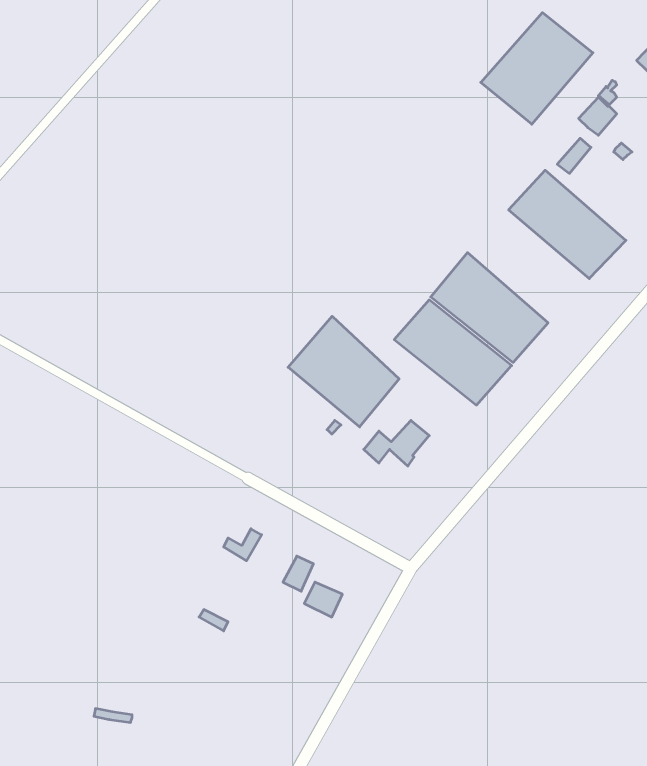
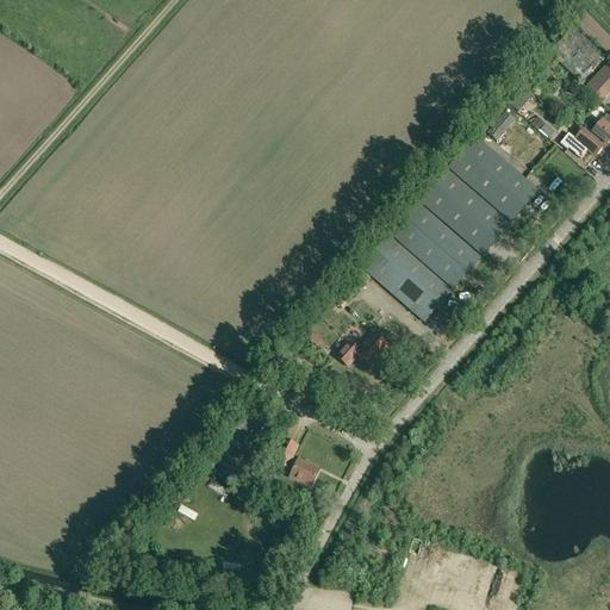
building: [481,13,593,124] -> none
building: none -> [419,168,510,253]
building: [288,316,399,427] -> none

